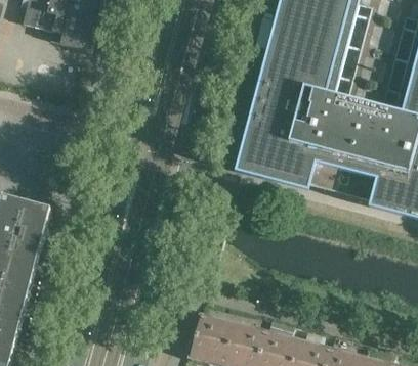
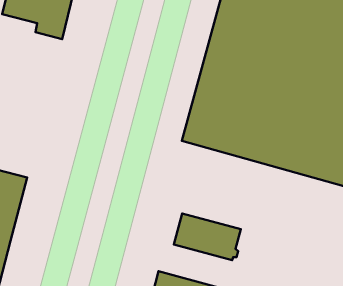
building: none -> [174,213,241,260]

